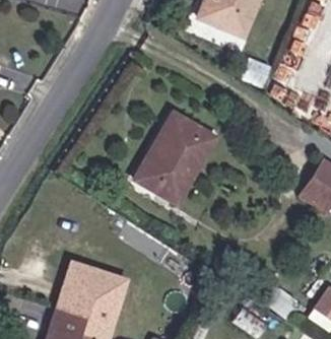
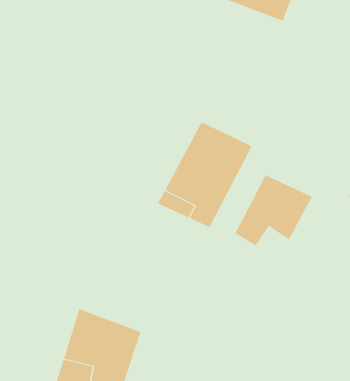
building: none -> [235,175,312,246]

